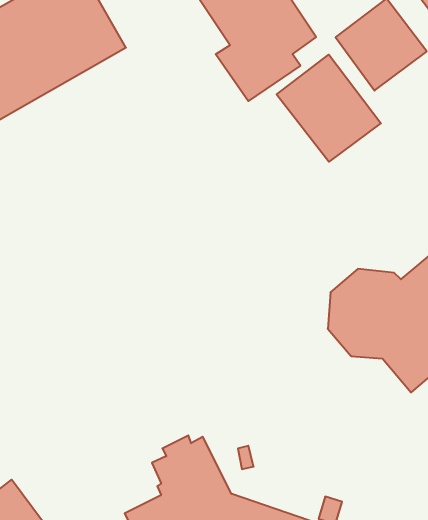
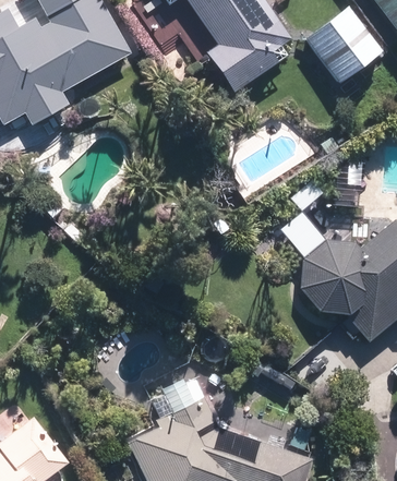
building: [277,55,381,162] -> none

